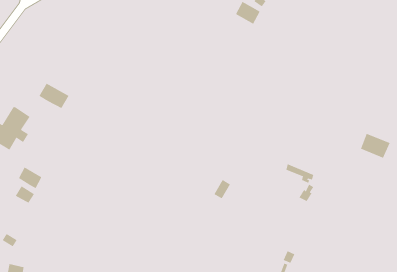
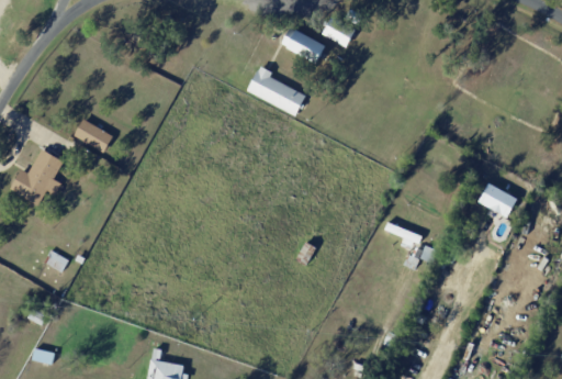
building: none -> [282,27,325,62]
building: none -> [246,67,304,115]
building: [18,166,42,189] -> none

